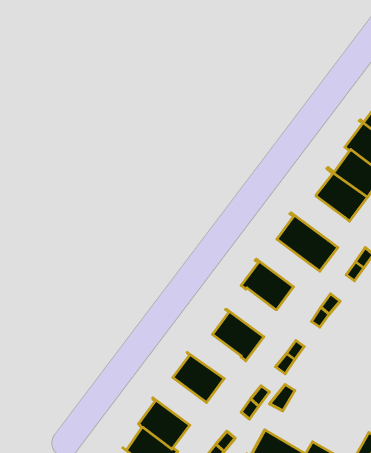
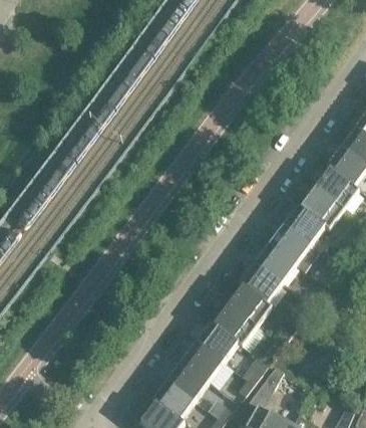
building: none -> [279,204,324,245]
building: none -> [250,244,295,284]
building: none -> [225,285,271,327]
building: none -> [192,322,237,362]
building: none -> [162,361,208,401]

